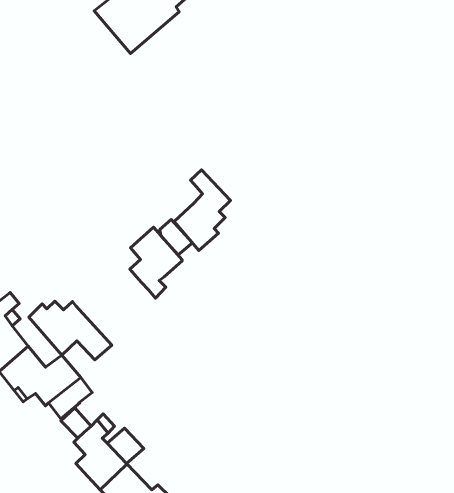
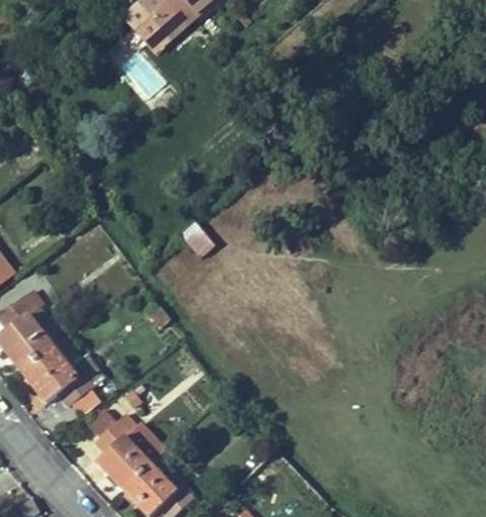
building: [174,170,230,250] -> none
building: [130,227,182,298] -> none
building: [29,301,112,360] -> none

